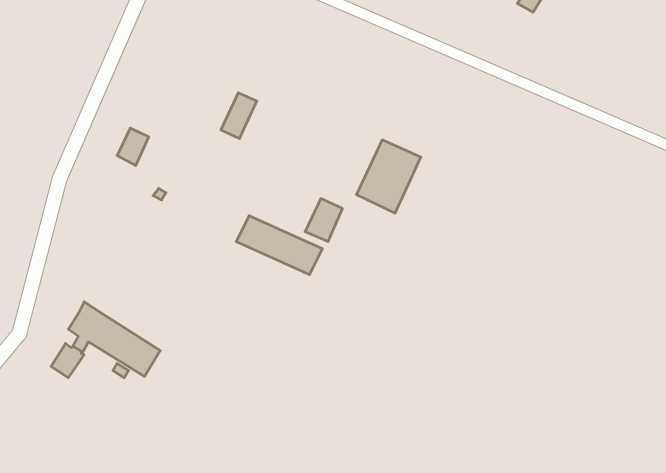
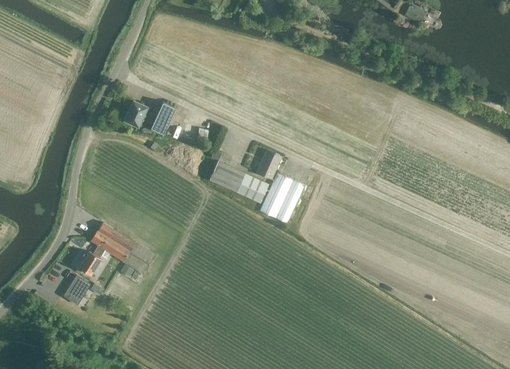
building: [221,93,257,139] -> [151,102,176,134]
building: [356,140,421,213] -> [259,173,304,224]
building: none -> [61,275,89,305]

